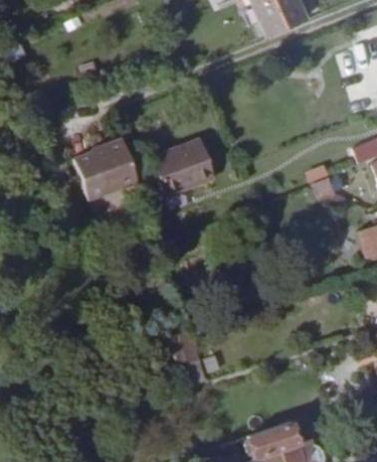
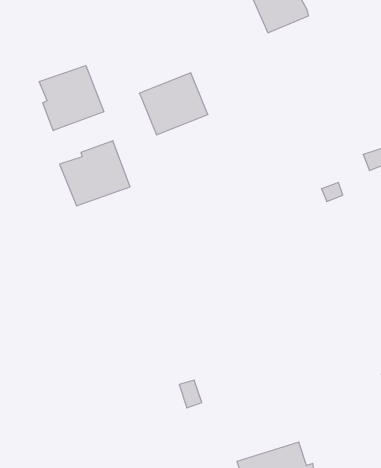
building: none -> [39,66,104,131]
building: [153,136,217,194] -> [139,73,208,135]

